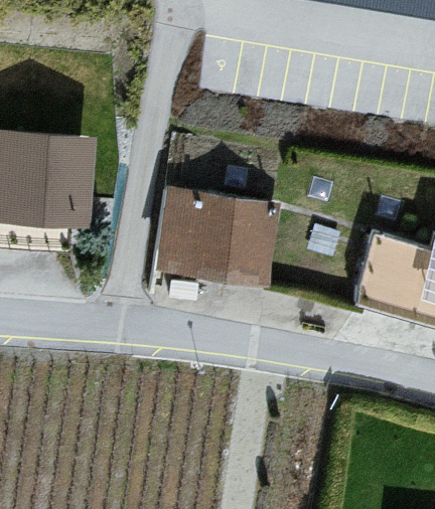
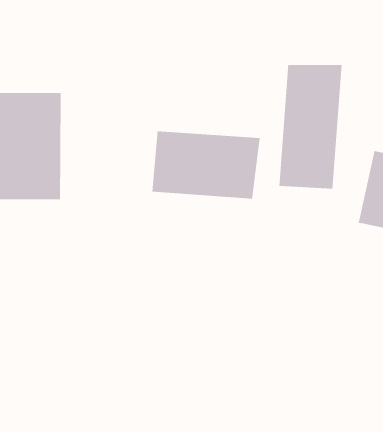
building: none -> [279,64,342,189]

